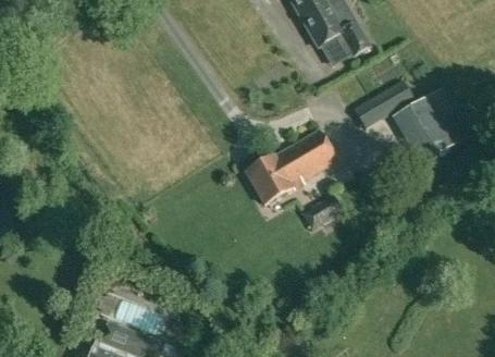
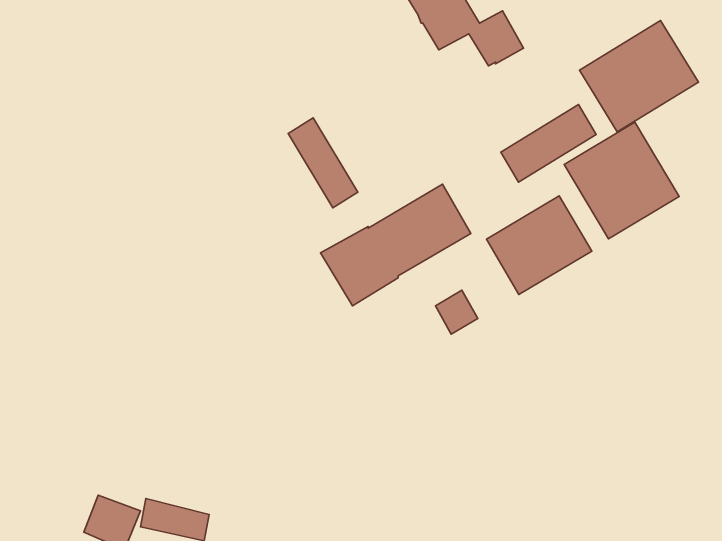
building: none -> [579,21,698,132]
building: none -> [288,118,358,208]
building: none -> [486,196,592,295]

